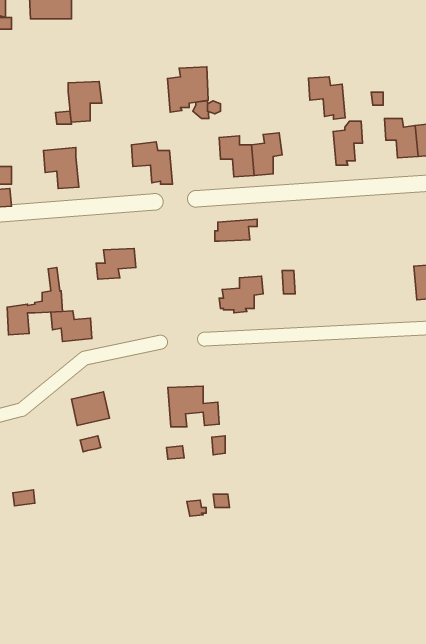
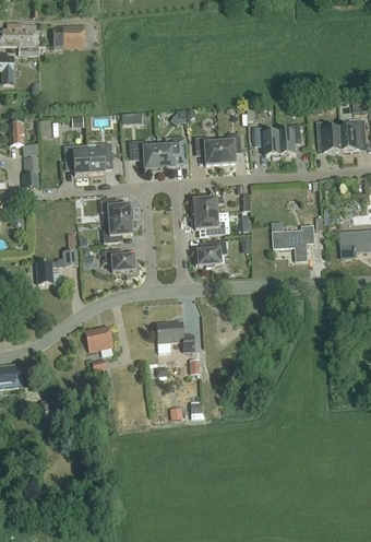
building: [167,67,208,112] -> [157,137,188,170]
building: [309,77,345,119] -> [254,126,282,157]
building: [68,81,102,122] -> [87,142,112,173]
building: none -> [100,198,131,220]
building: none -> [194,212,225,234]
building: none -> [272,224,314,260]
building: [51,311,92,341] -> [104,248,134,271]

